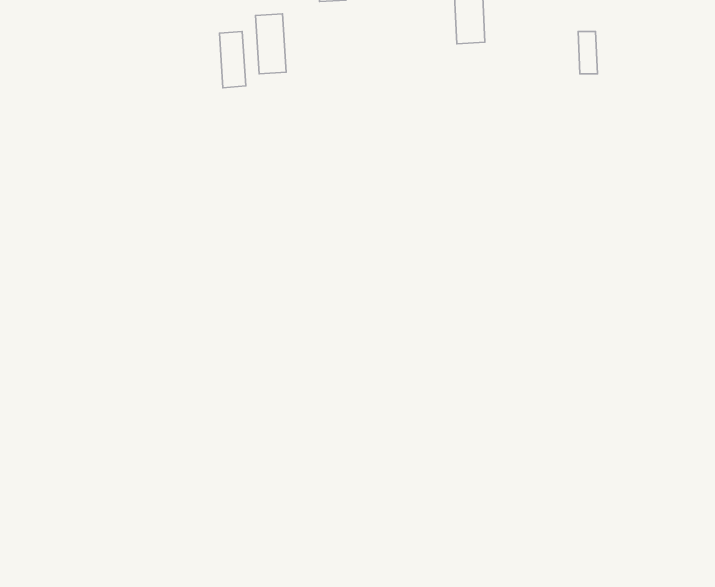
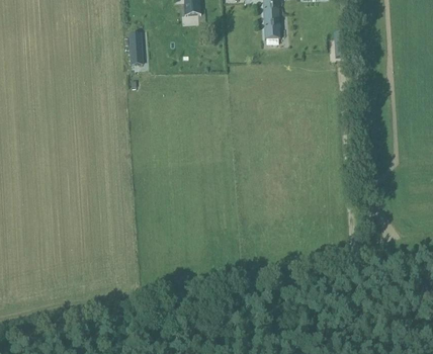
building: [256,14,286,74] -> none

